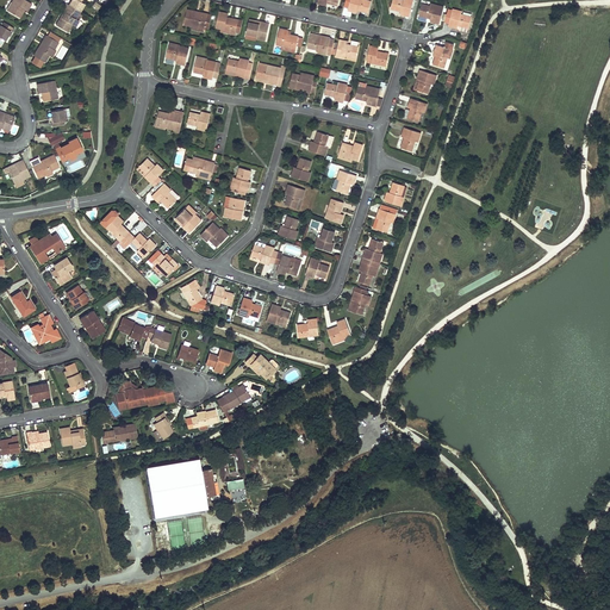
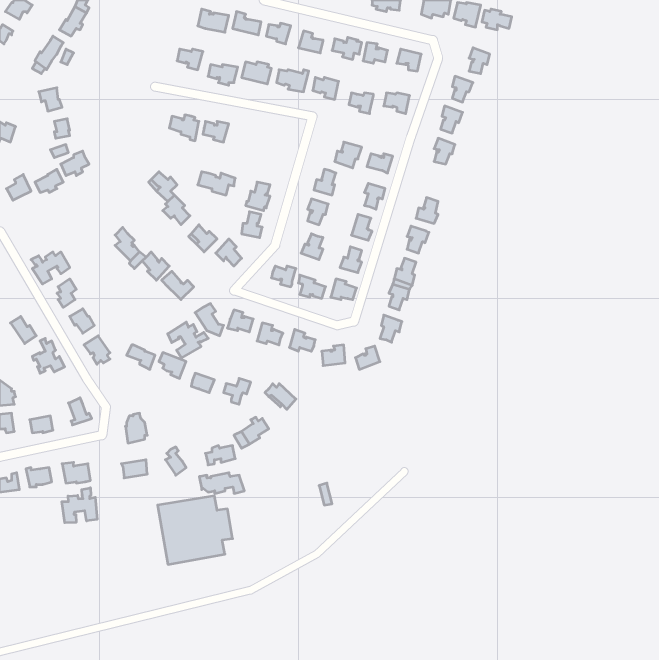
building: none -> [168,322,208,358]
building: [133,386,175,405] -> [199,473,244,493]
building: none -> [62,488,97,523]

